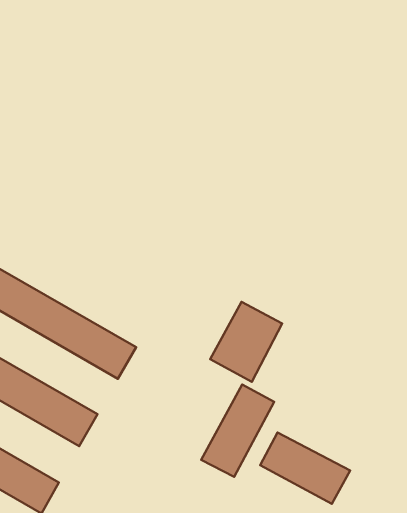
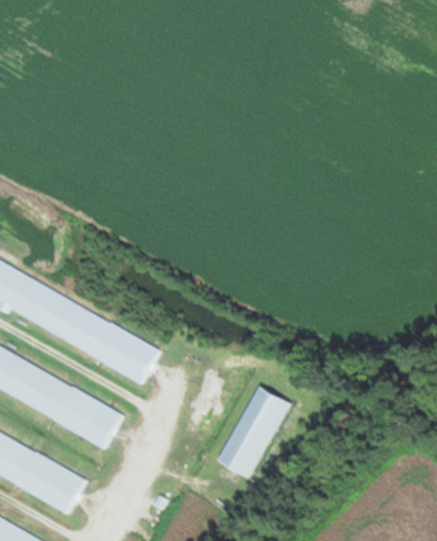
building: [210,302,282,382] -> none
building: [260,432,350,504] -> none

